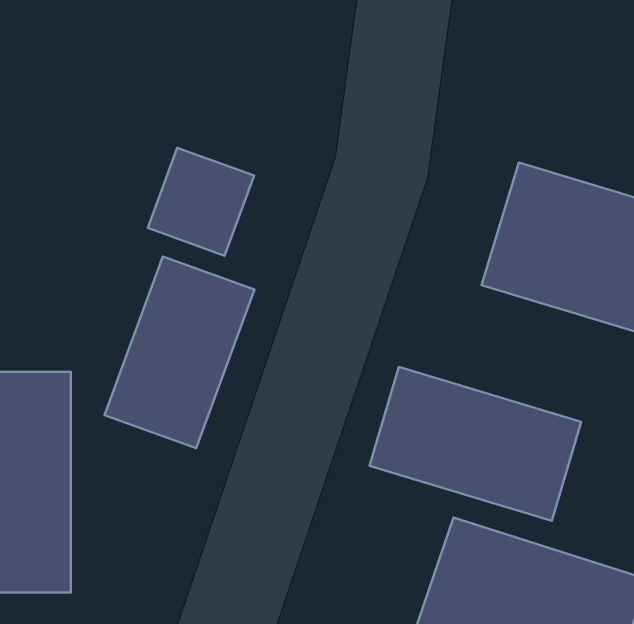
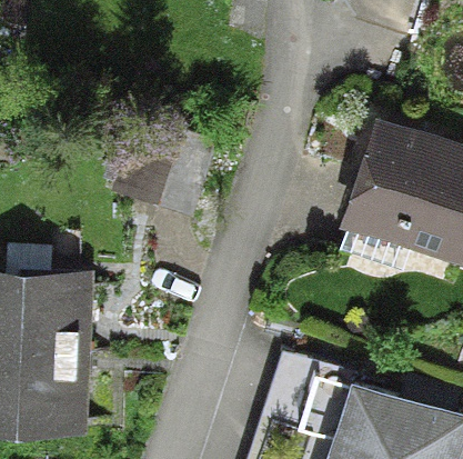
building: [104,256,254,448] -> none
building: [369,367,581,521] -> none

